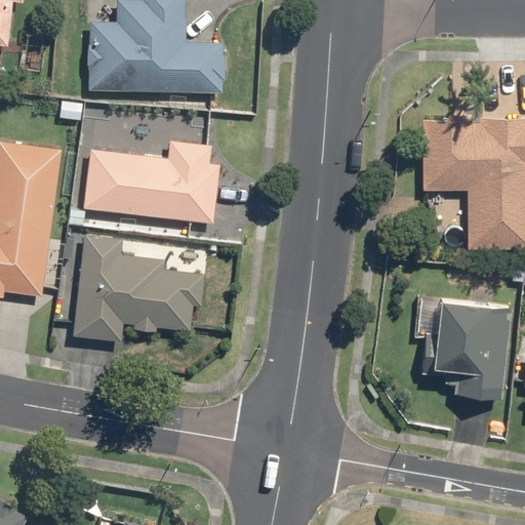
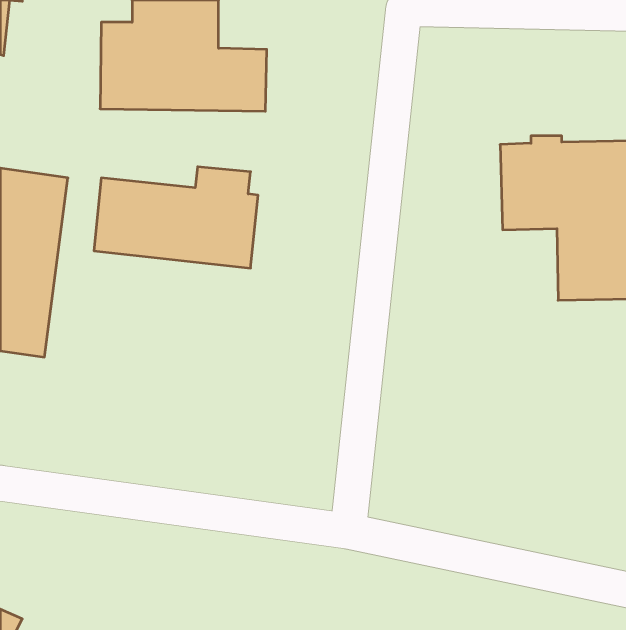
building: [72,234,205,342] -> none
building: [416,298,511,399] -> none

